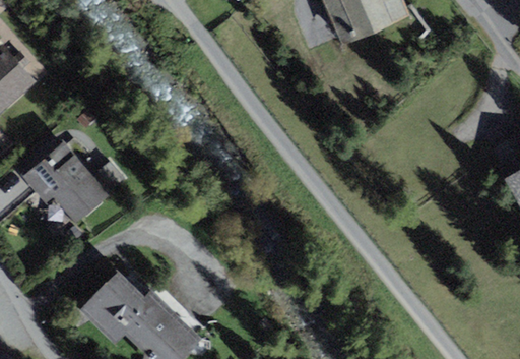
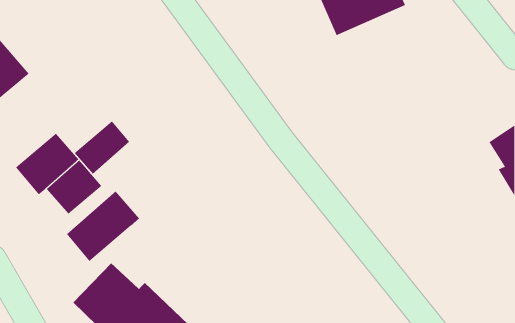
building: none -> [74,120,130,175]
building: none -> [66,191,140,262]

